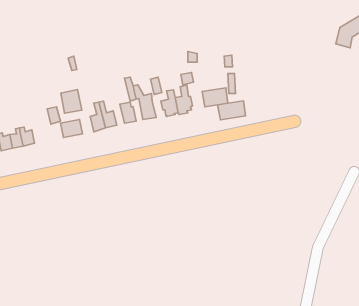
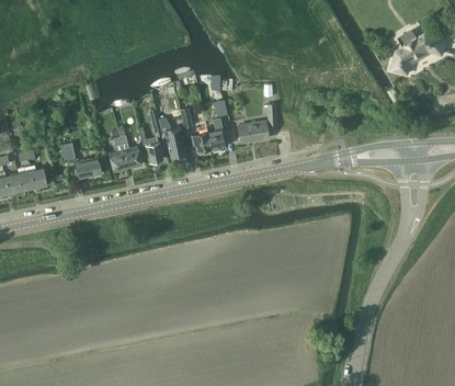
building: [61,89,82,113] -> none
building: [217,101,245,120] -> none

